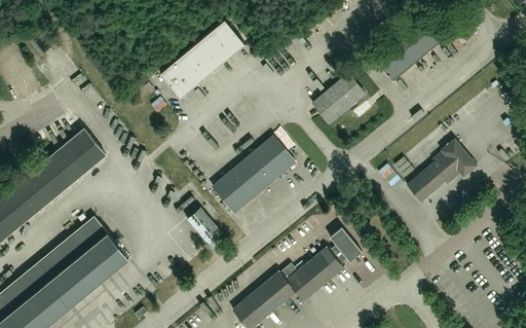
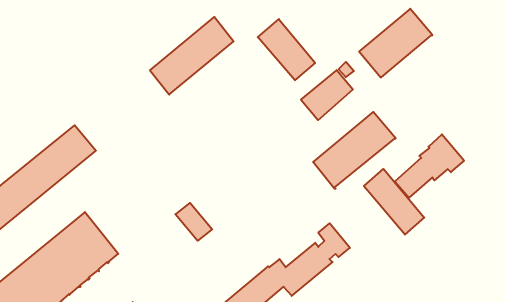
building: none -> [258,19,315,80]
building: [213,136,296,213] -> [313,112,396,189]
building: none -> [364,169,424,235]

